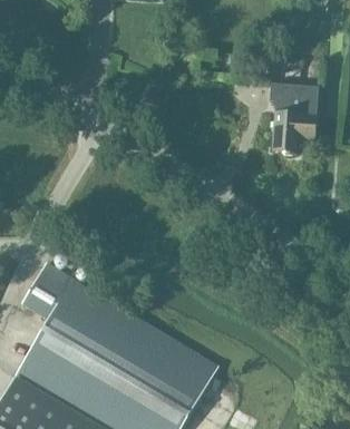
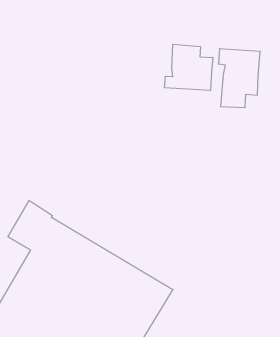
building: none -> [165,44,213,91]

